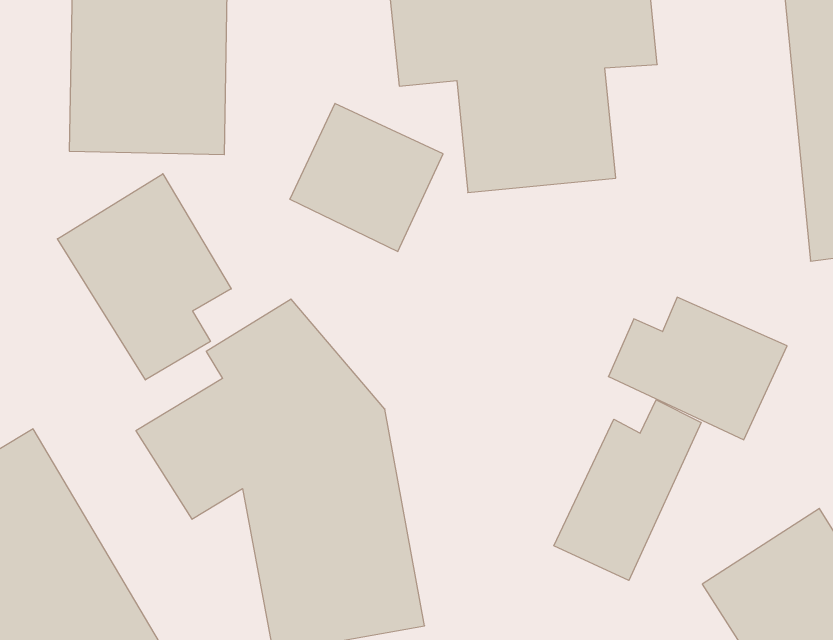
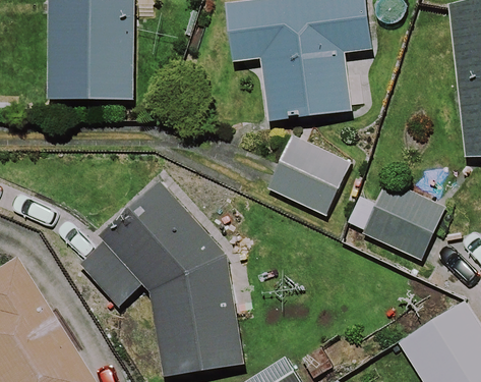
building: [290,103,443,251] -> [265,132,352,216]
building: [57,174,231,380] -> none
building: [554,400,701,580] -> none

